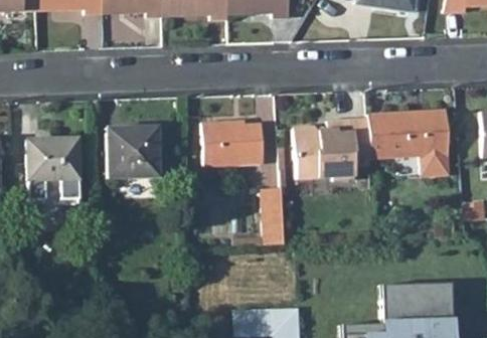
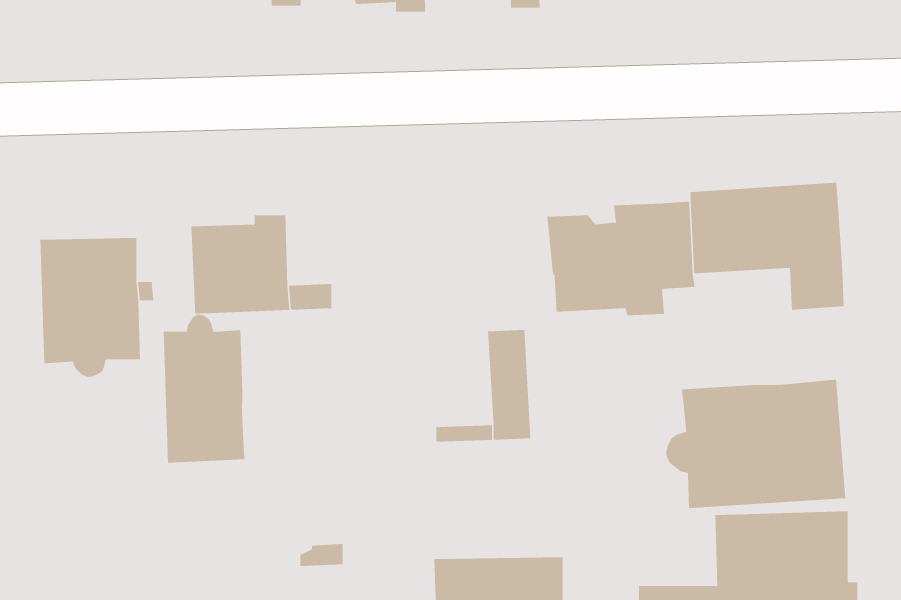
building: [202,121,264,166] -> none
building: none -> [163,314,245,464]
building: none -> [666,379,846,509]

